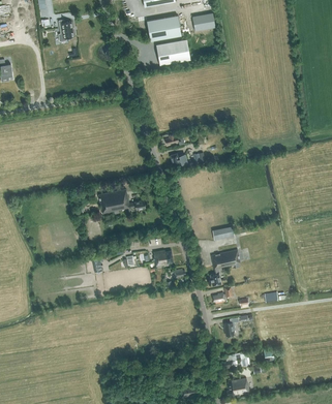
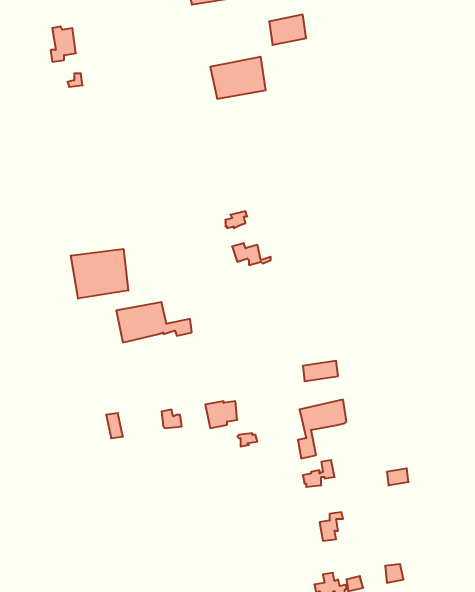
building: [146,14,180,40] -> none
building: none -> [71,249,128,299]

